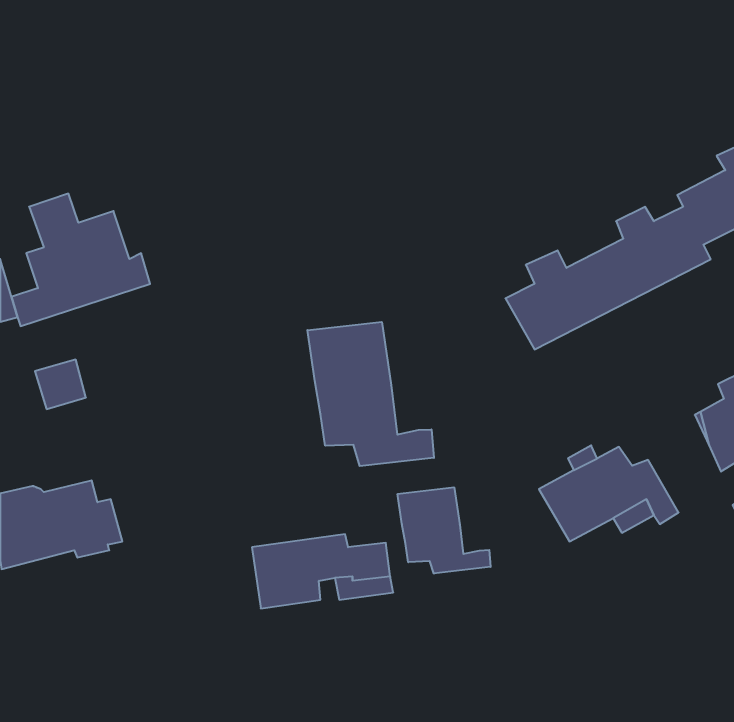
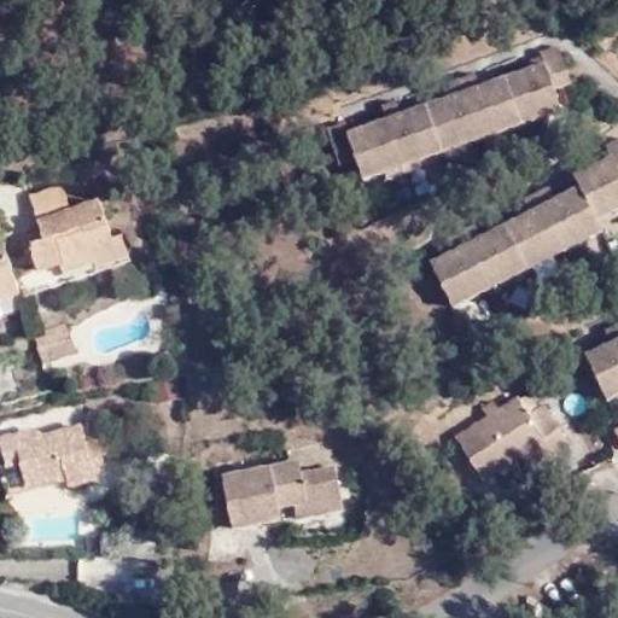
building: none -> [328,46,571,180]
building: [307,322,434,466] -> none
building: [398,487,491,574] -> none

